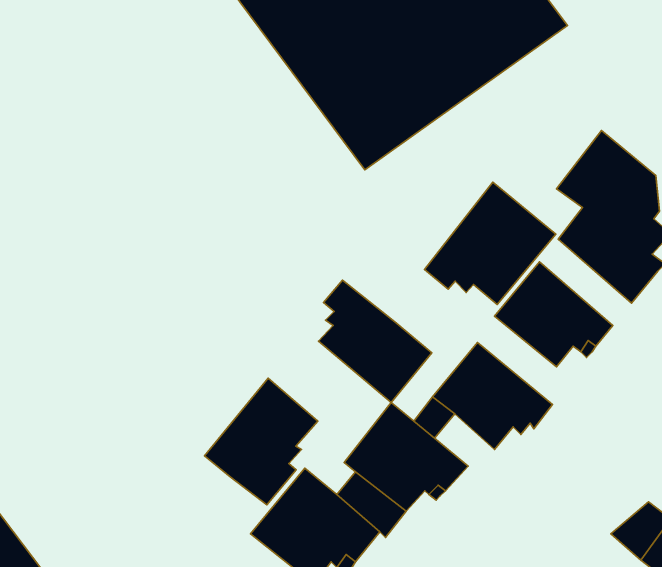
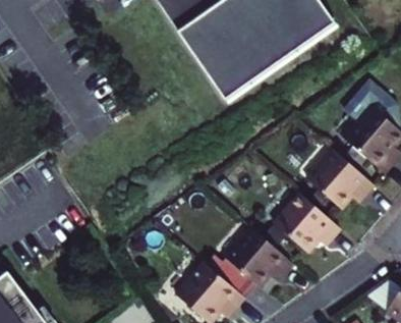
building: [424,182,556,304] -> none
building: [318,280,432,403] -> none
building: [205,378,318,505] -> none

